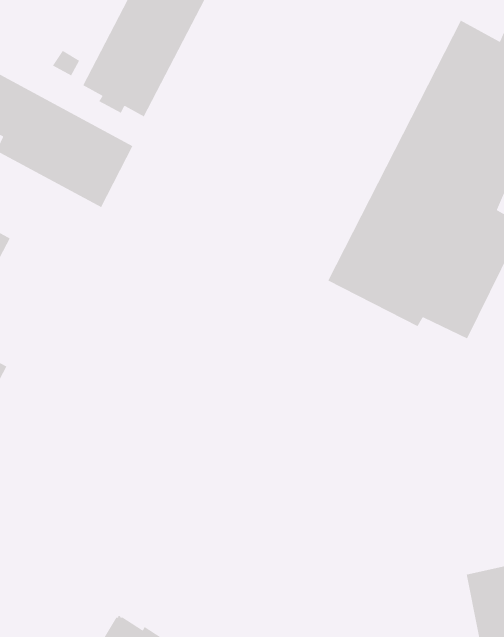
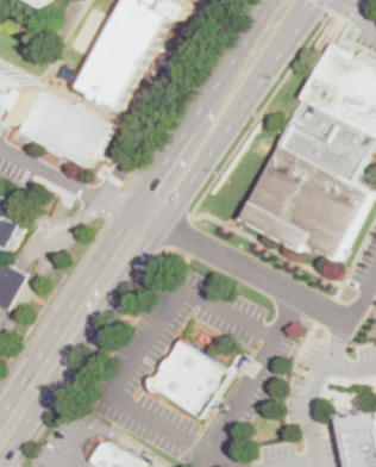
building: none -> [146,341,227,417]

